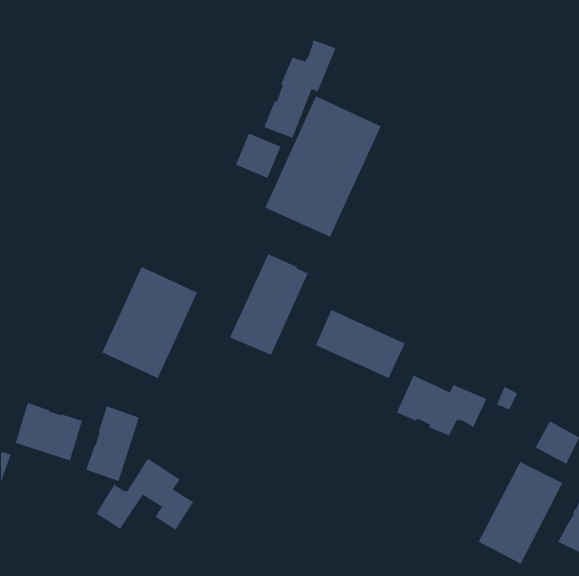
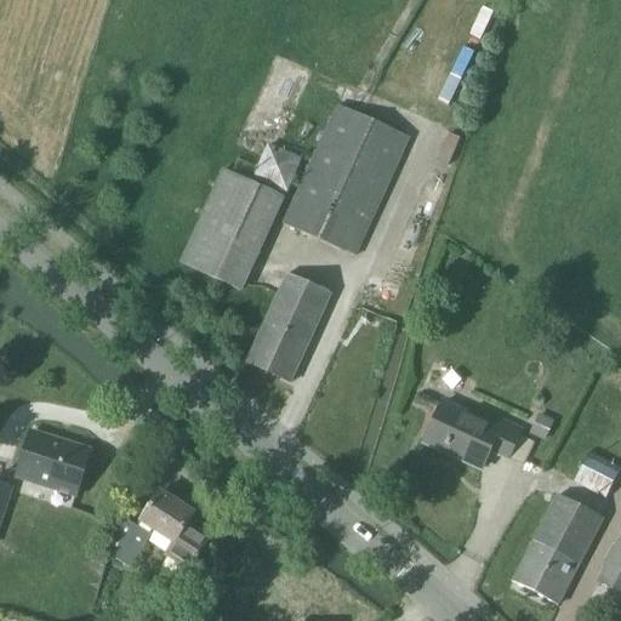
building: [264,39,336,138] -> none
building: [101,266,198,379] -> [181,167,284,287]
building: [315,309,405,379] -> none
building: [86,406,140,482] -> none

